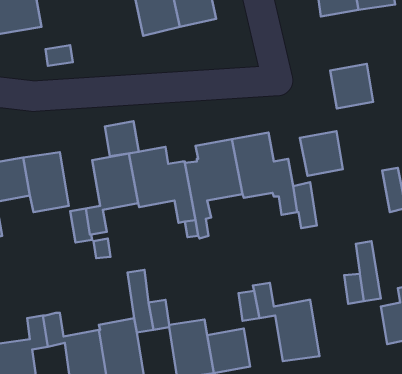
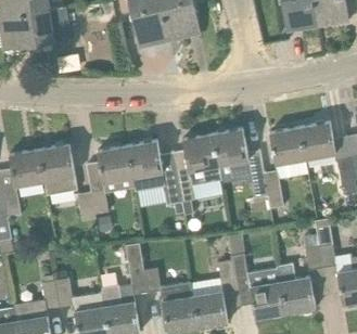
building: [330,64,373,108] -> [299,121,335,158]
building: [105,121,139,156] -> none
building: none -> [277,262,316,313]

